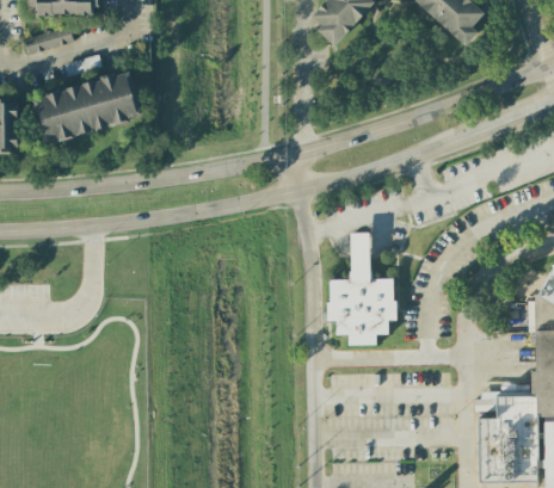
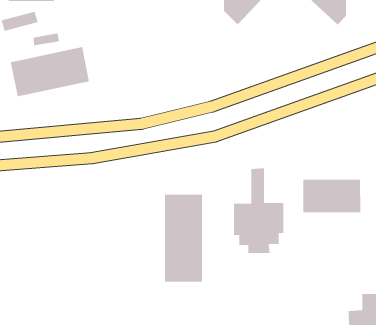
building: none -> [302,179,361,213]
building: none -> [164,194,203,283]

